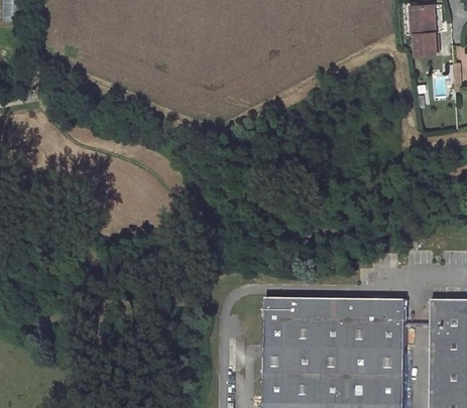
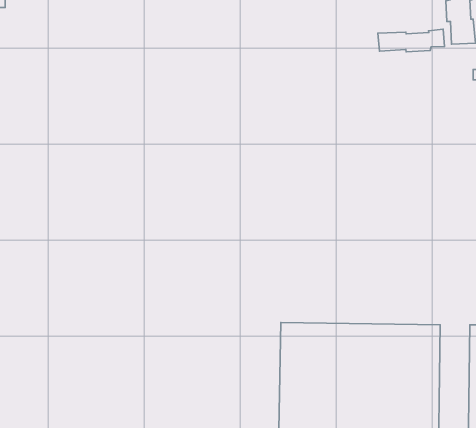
building: none -> [378,29,444,52]

